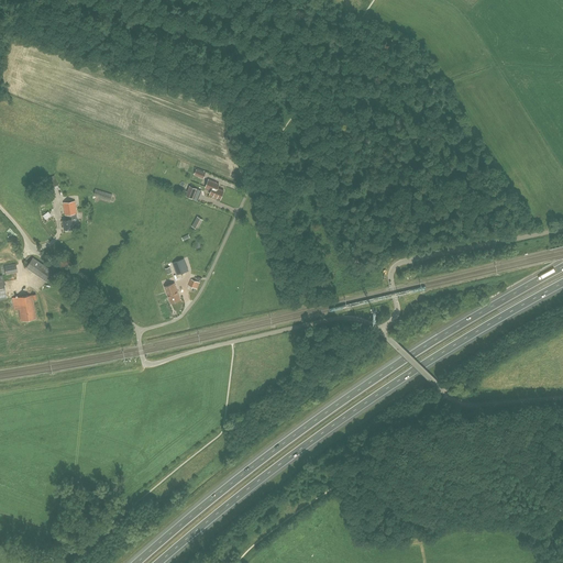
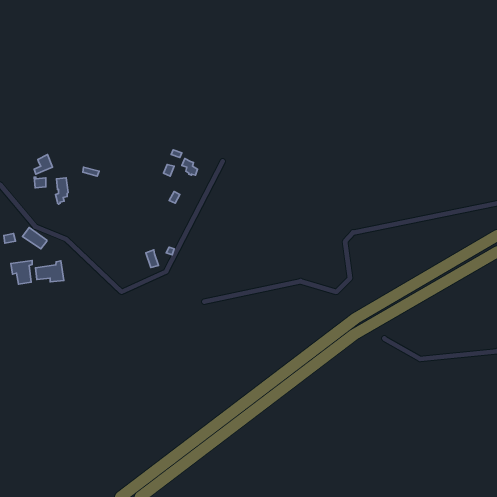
building: none -> [35,261,64,282]

